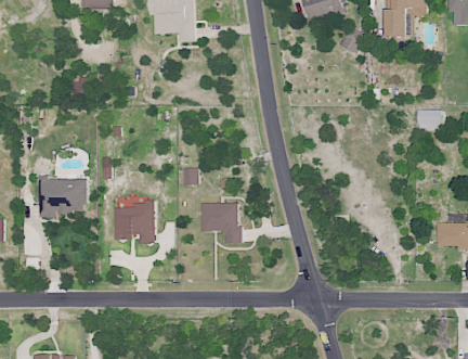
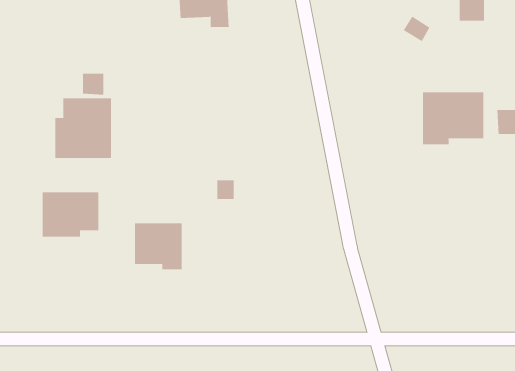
building: none -> [423,92,484,145]
building: none -> [55,98,111,159]
building: [202,202,243,243] -> none

